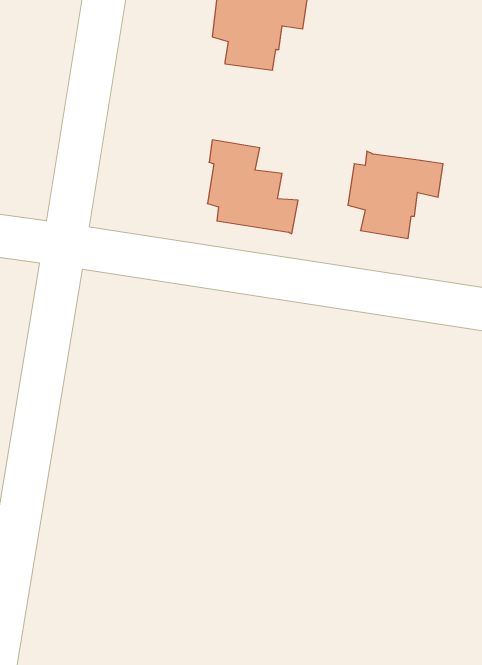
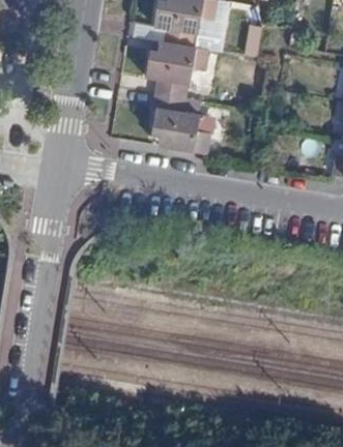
building: [348,151,443,238] -> [145,41,207,98]

